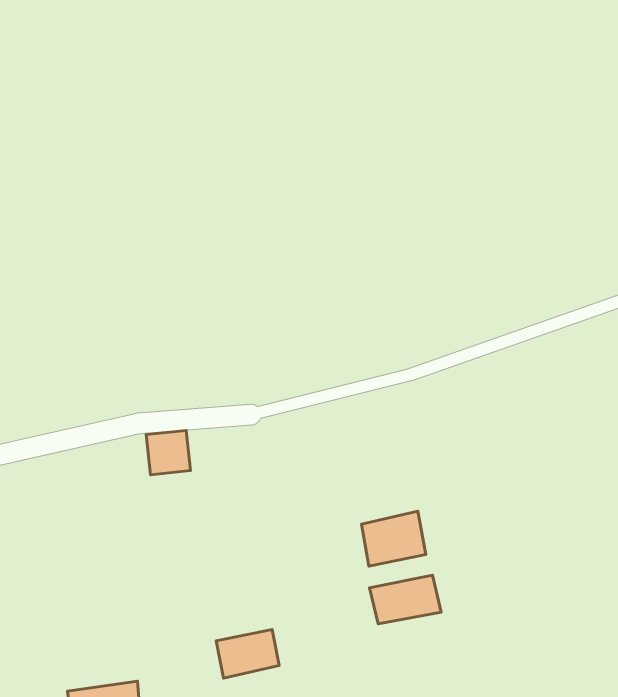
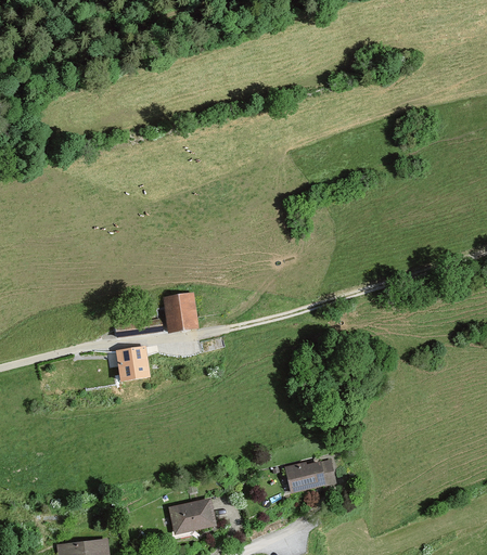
building: none -> [162,294,197,333]
building: [361,511,426,566] -> none

